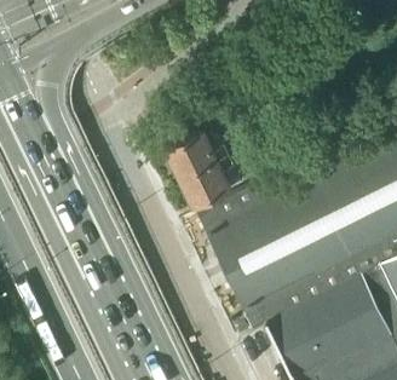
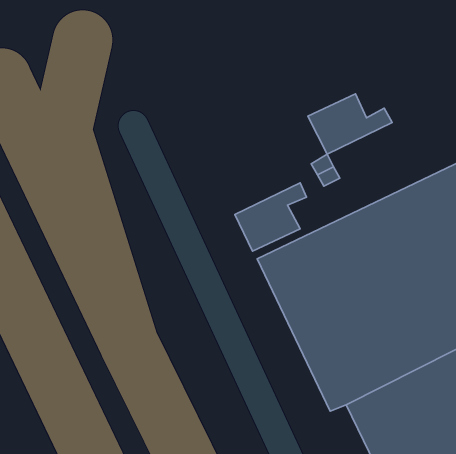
building: [172,137,236,183] -> [308,94,392,154]

